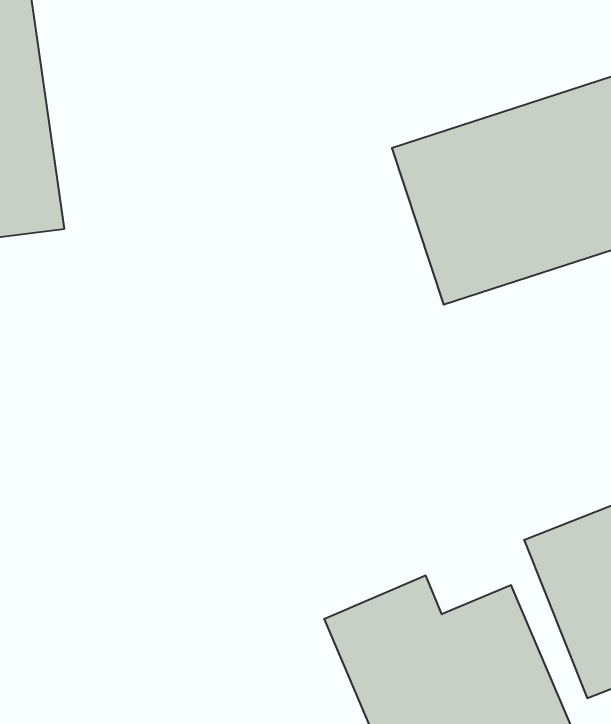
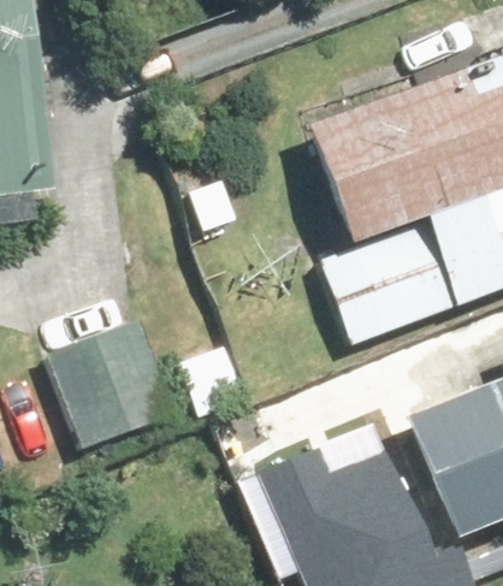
building: none -> [319,227,460,354]
building: none -> [54,327,177,448]

